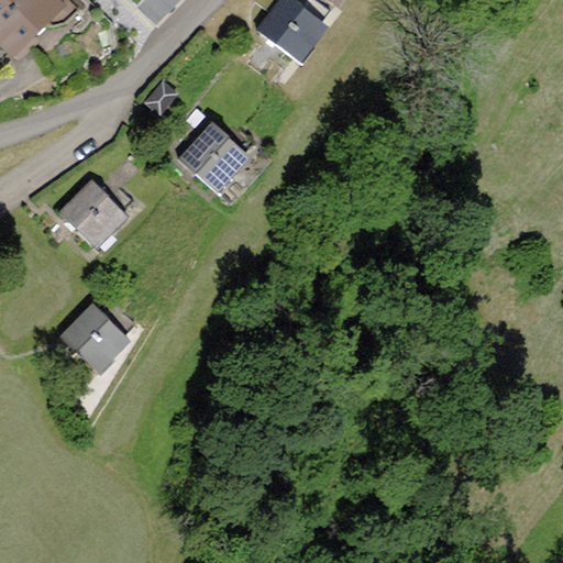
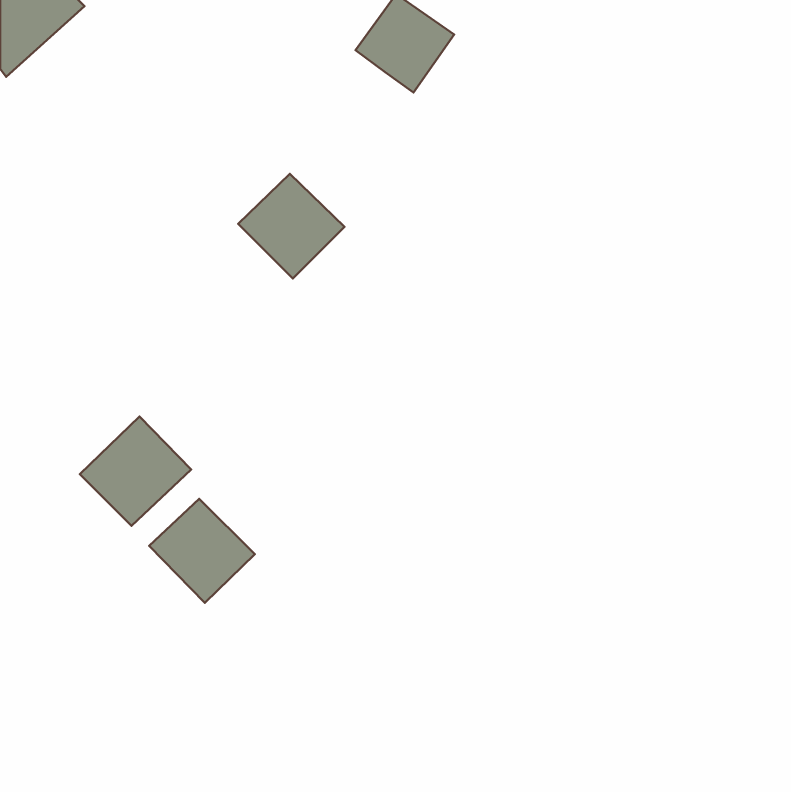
building: [59,181,129,250] -> none
building: none -> [149,499,255,603]

